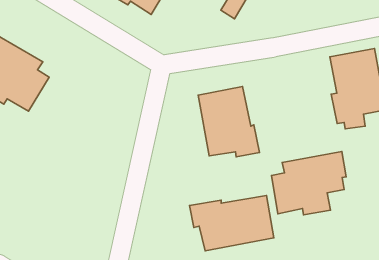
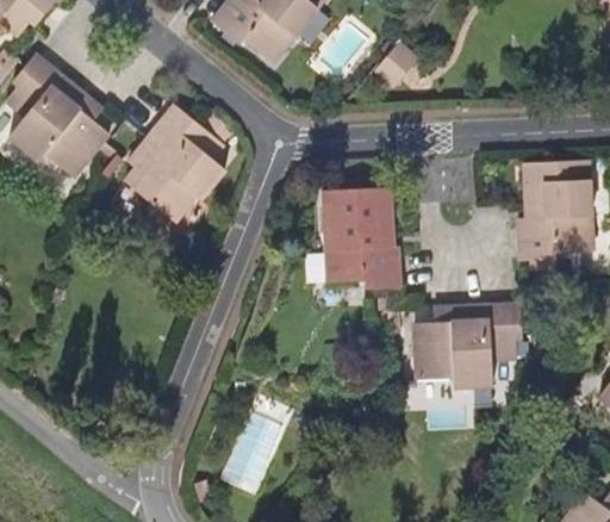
building: none -> [124,104,236,222]
building: [190,195,274,251] -> none

